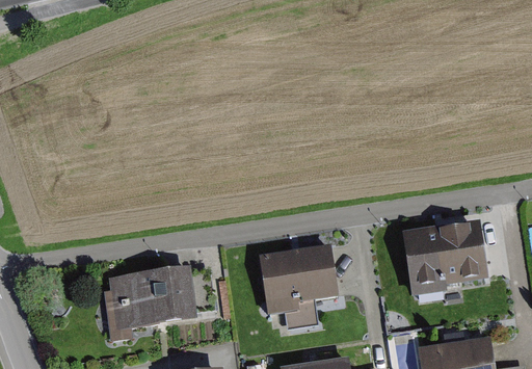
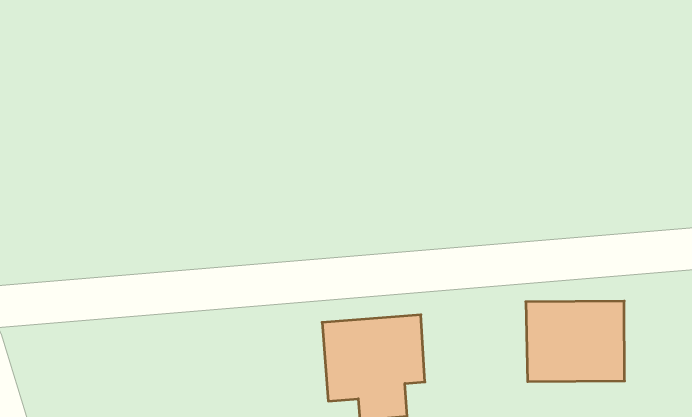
building: [106,266,191,325] -> none

